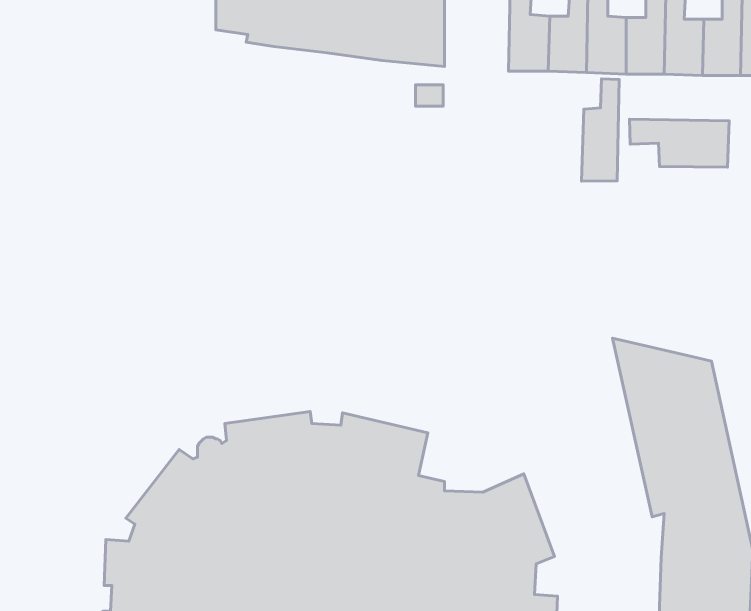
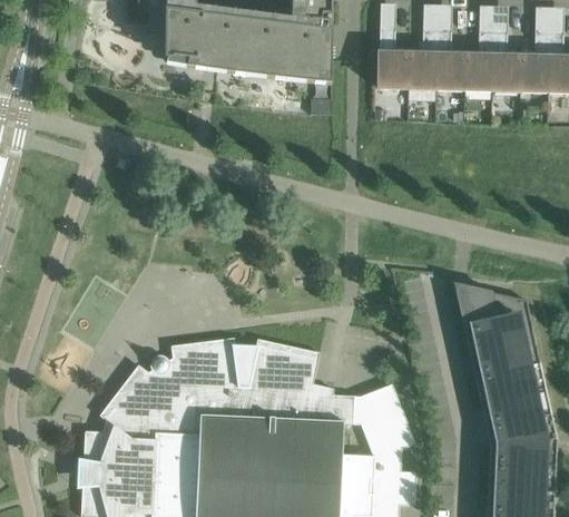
building: [582,79,619,181] -> none
building: [629,119,729,167] -> none

